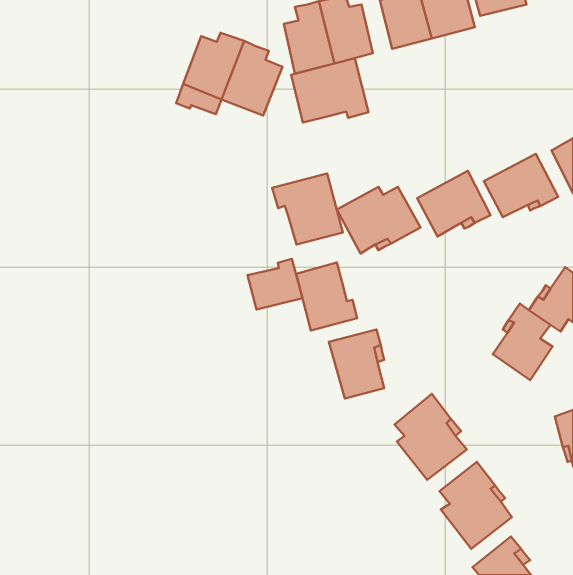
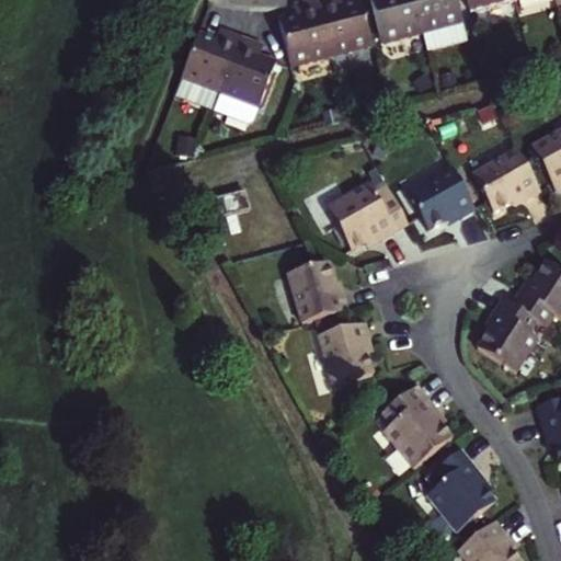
building: [291,58,369,123] -> none
building: [272,173,343,245] -> none
building: [248,259,302,310] -> none

